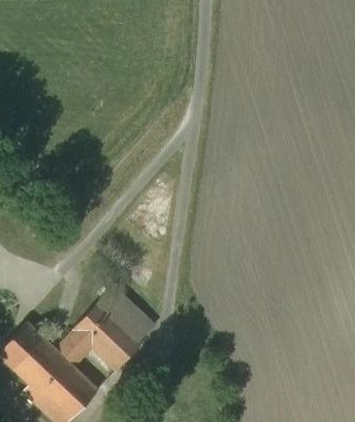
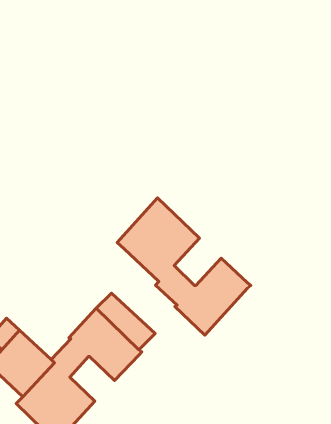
building: none -> [117,198,251,335]

